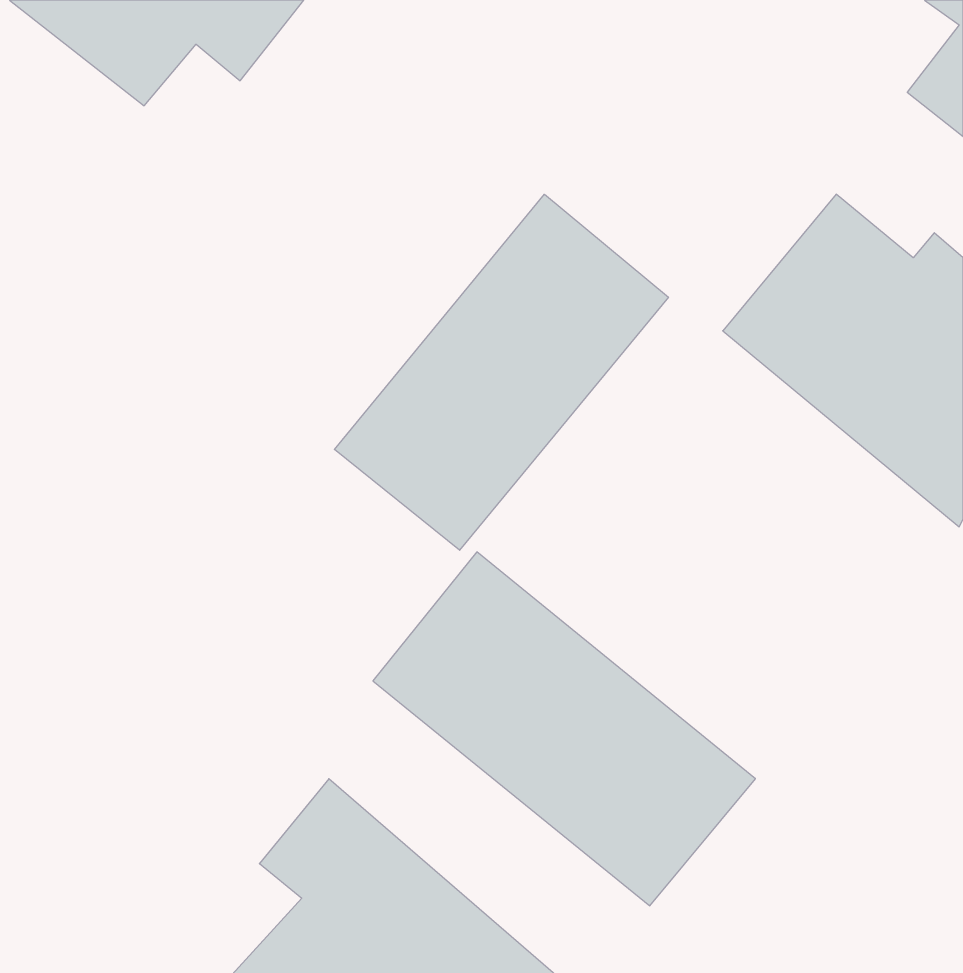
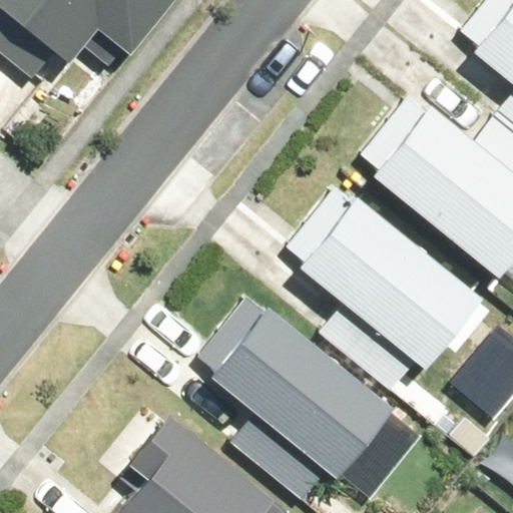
building: [334,194,668,550] -> none
building: none -> [303,198,482,366]

